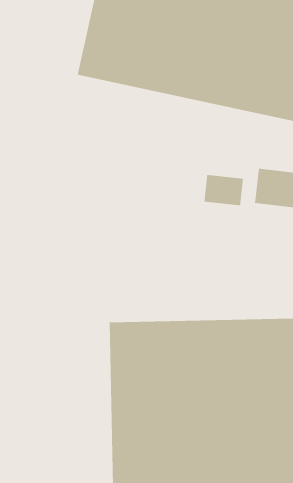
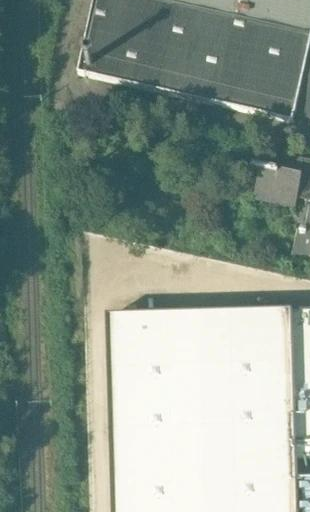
building: [204,174,243,206] -> none

